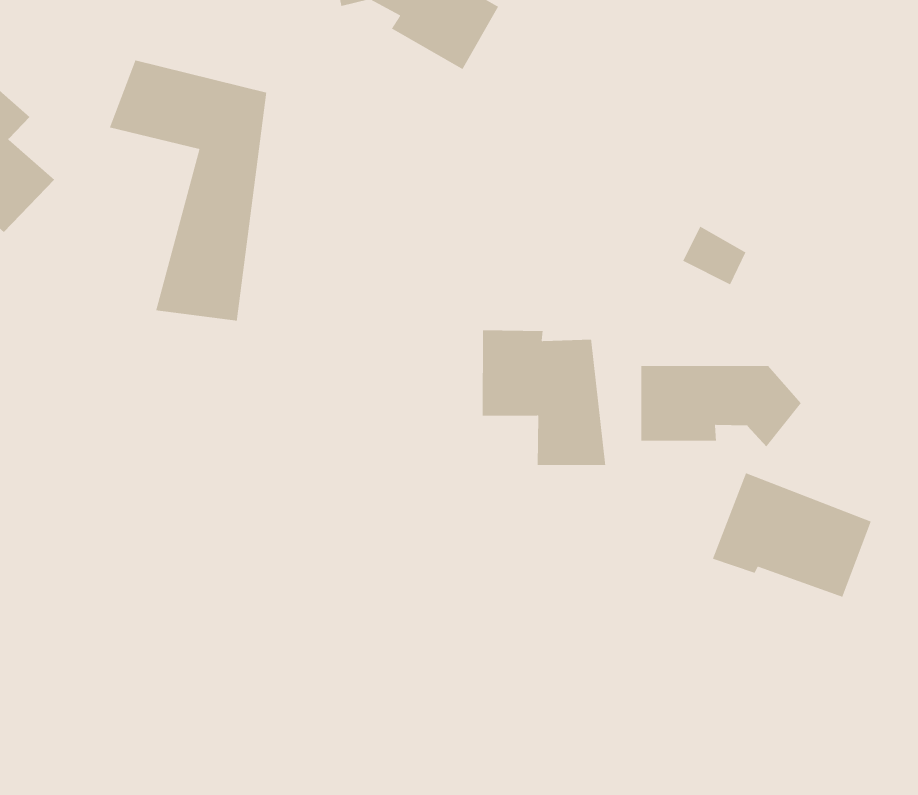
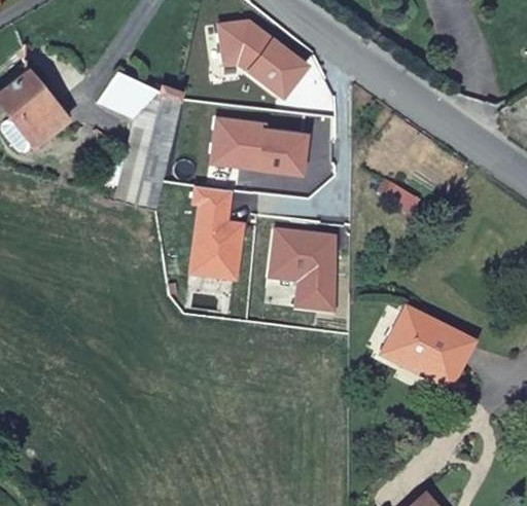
building: none -> [214,118,306,172]
building: none -> [194,185,243,277]
building: [641,365,802,447] -> none

